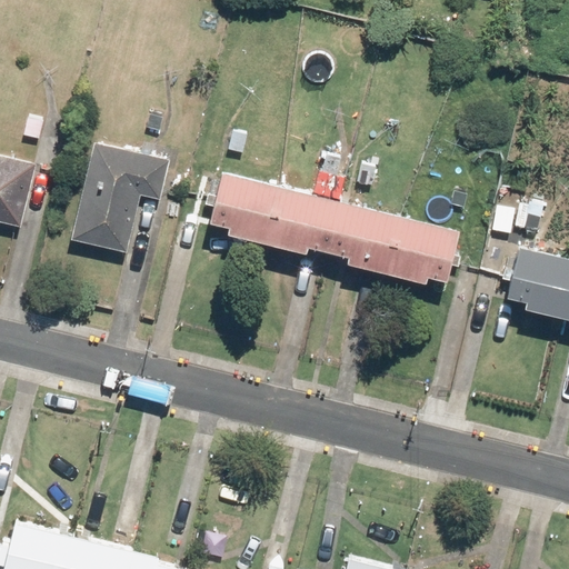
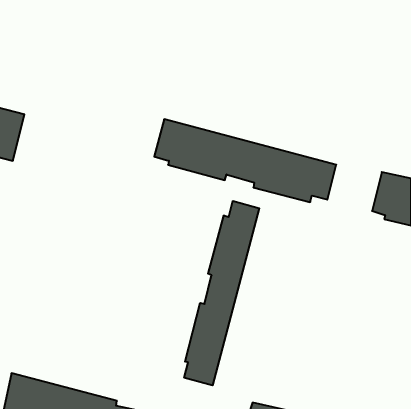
building: [71,146,164,257] -> none
building: none -> [184,201,259,385]

